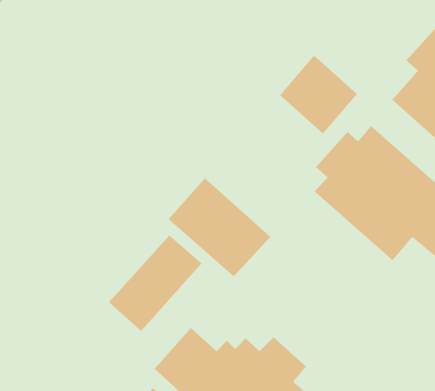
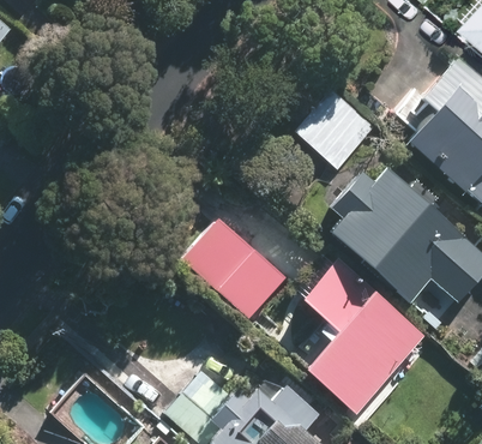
building: none -> [303,258,426,415]
building: [108,234,203,332] -> none

